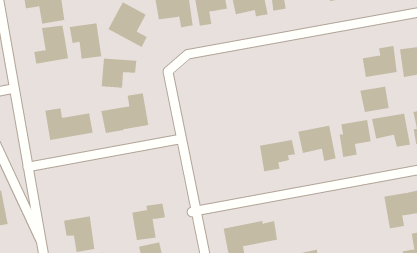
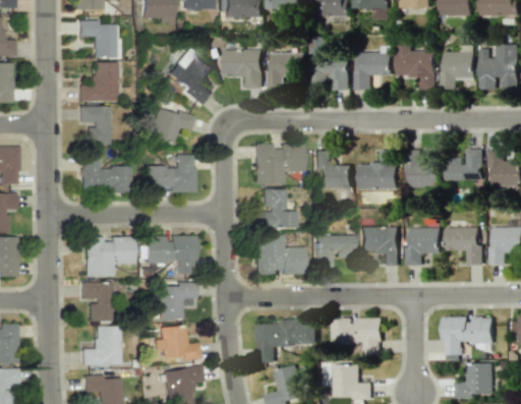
building: [69,23,102,59] -> [78,106,111,146]
building: none -> [253,145,303,185]
building: none -> [314,151,353,188]
building: none -> [359,163,399,189]
building: [359,86,390,112] -> [409,162,440,187]
building: none -> [254,189,298,229]
building: none -> [254,235,304,275]
building: none -> [144,236,194,274]
building: none -> [83,238,133,278]
building: none -> [333,319,383,356]

